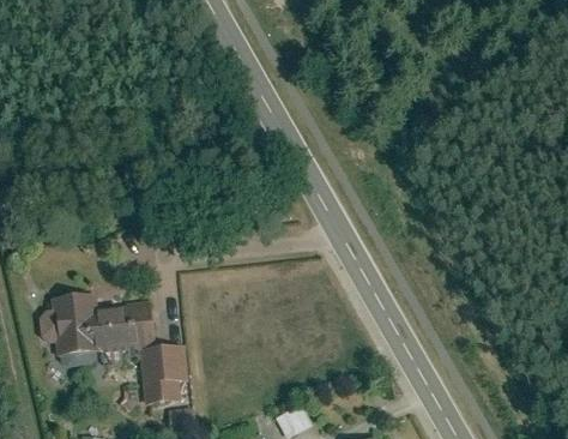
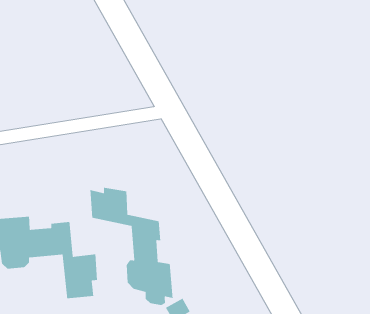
building: none -> [90,187,174,306]

